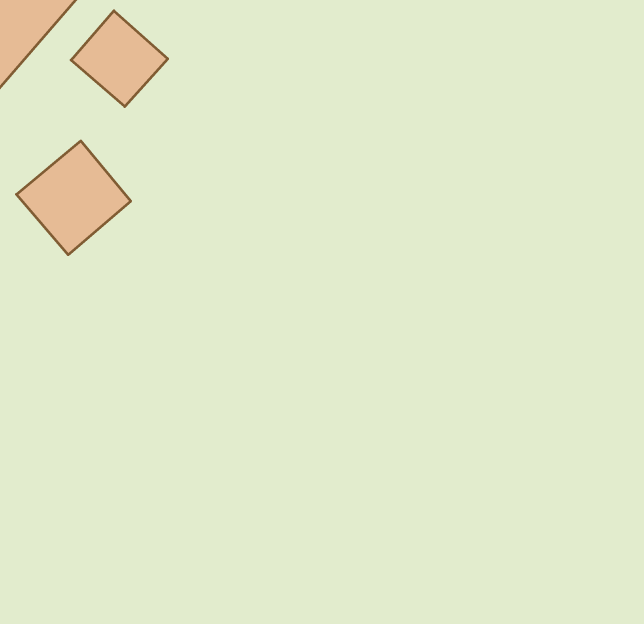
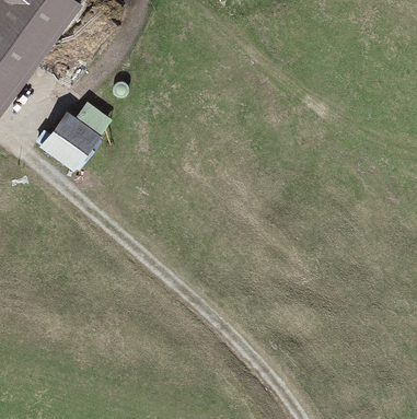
building: [71,11,168,107] -> none

